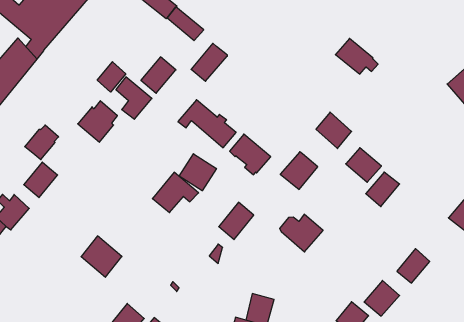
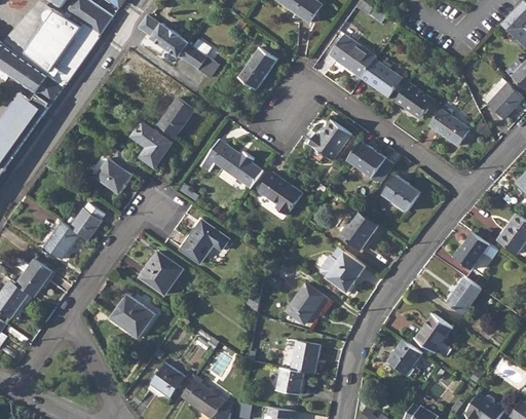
building: none -> [329,34,376,78]
building: [191,43,227,81] -> [239,47,276,88]
building: [97,62,126,92] -> none
building: none -> [394,83,433,119]
building: none -> [428,103,469,146]
building: none -> [309,119,351,159]
building: [25,125,59,160] -> [69,202,104,239]
building: [280,152,318,189] -> [339,209,378,250]
building: [179,154,216,191] -> none
building: [366,172,400,207] -> [454,232,489,269]
building: none -> [140,251,183,294]
building: [219,202,254,240] -> [287,282,323,322]

